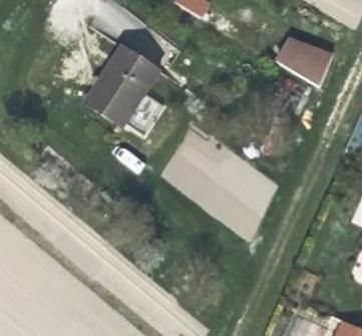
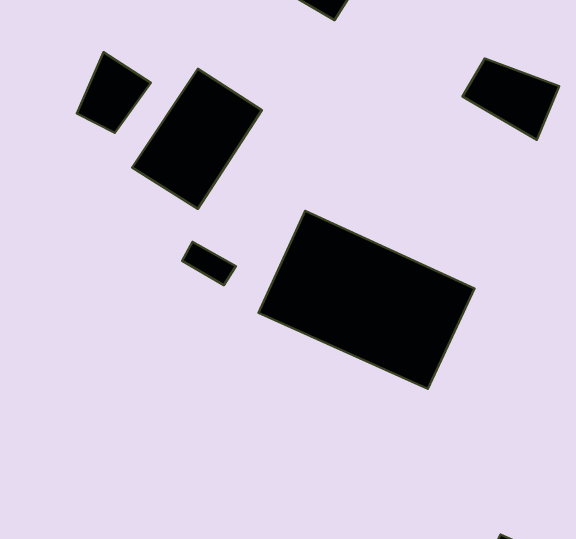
building: none -> [77,52,151,133]

